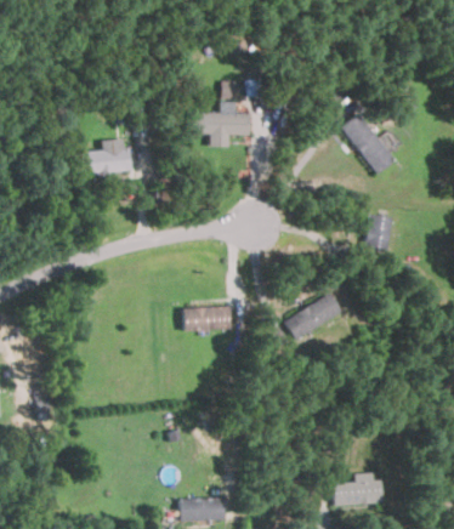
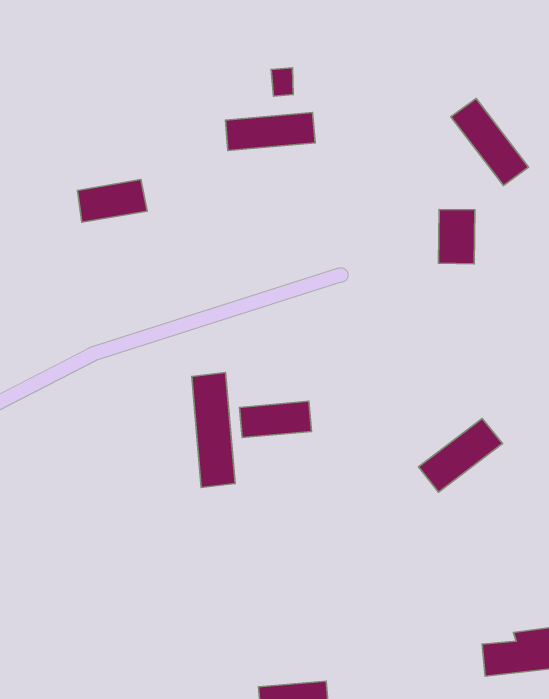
building: [364,214,392,252] -> [438,209,475,264]
building: none -> [192,373,235,488]
building: [284,292,342,340] -> [418,418,502,492]

